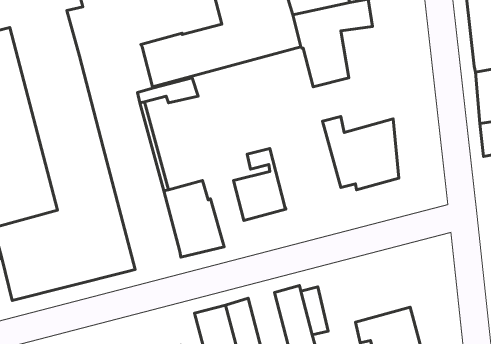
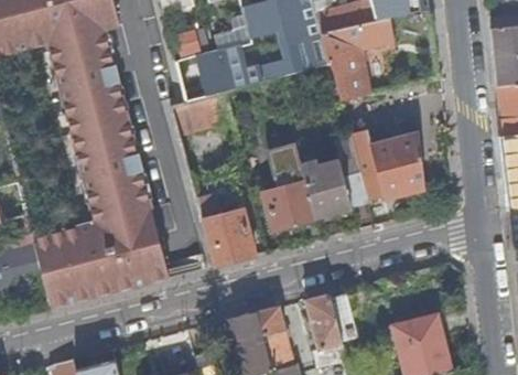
building: none -> [298,132,368,217]

